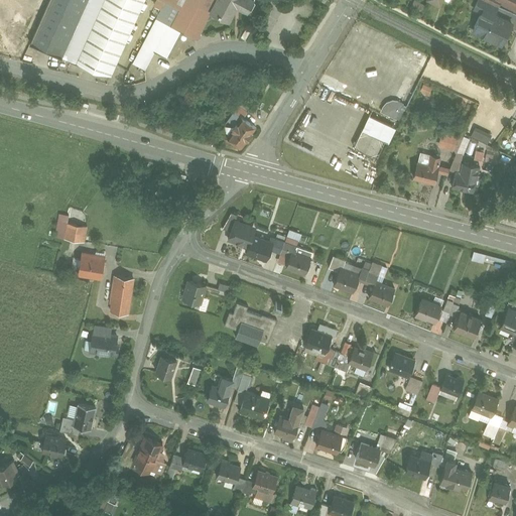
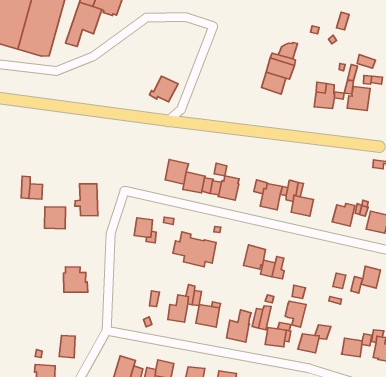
building: [104,274,133,314] -> [75,184,98,216]
building: [347,346,373,378] -> [285,301,306,327]
building: [388,352,414,377] -> none
building: [152,357,175,383] -> none

